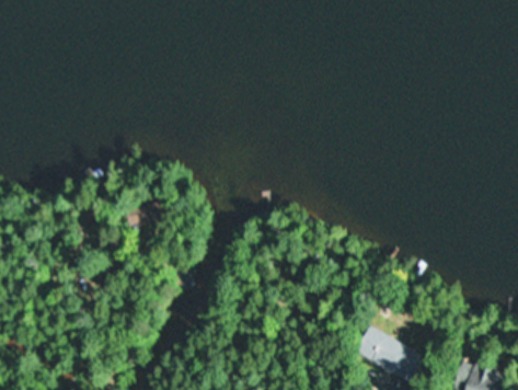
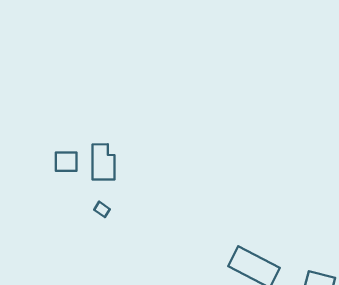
building: none -> [92,144,115,180]

